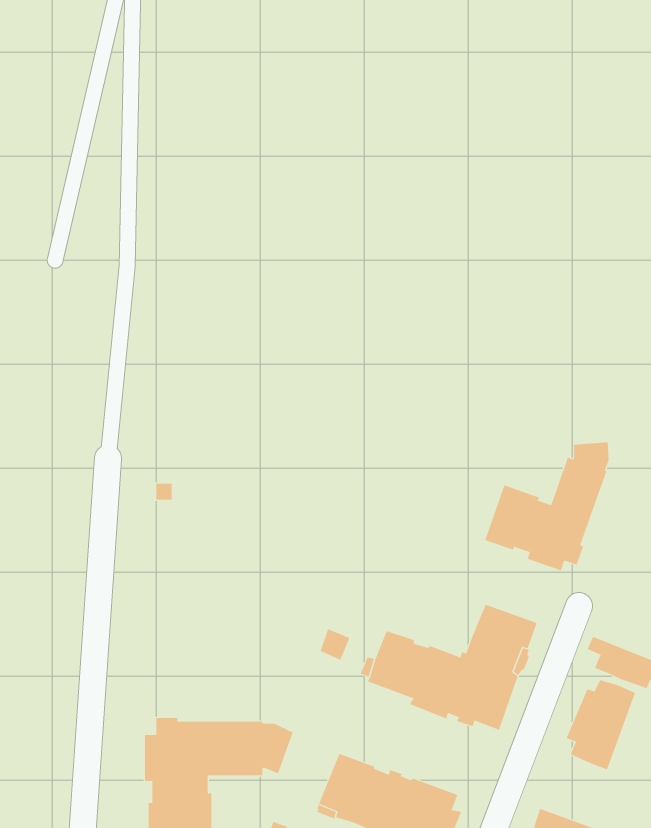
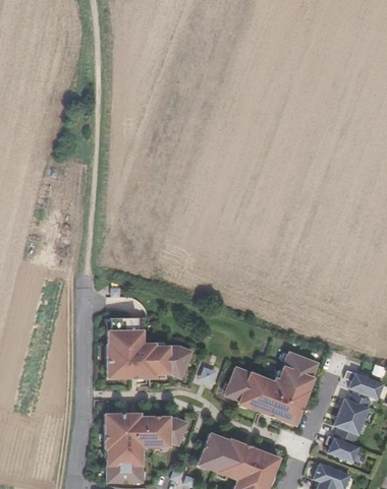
building: [485,441,609,571] -> none
building: none -> [108,317,191,378]
building: none -> [326,436,357,463]

